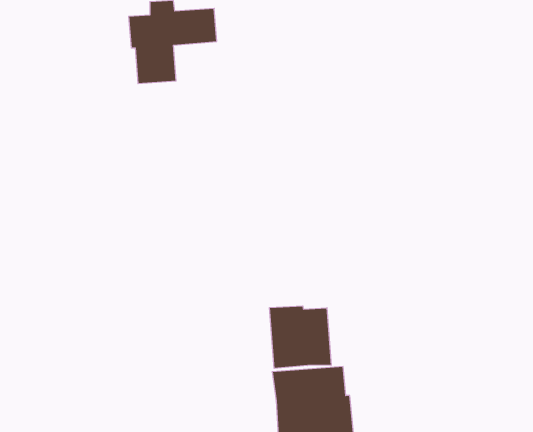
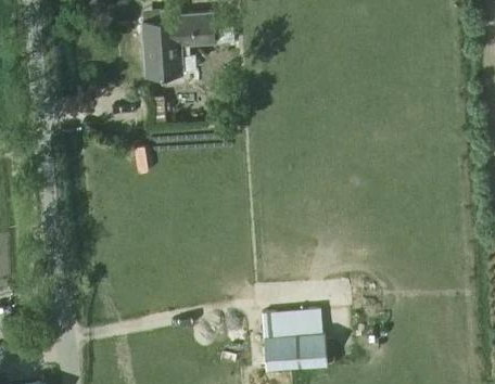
building: [270,306,331,368] -> none

